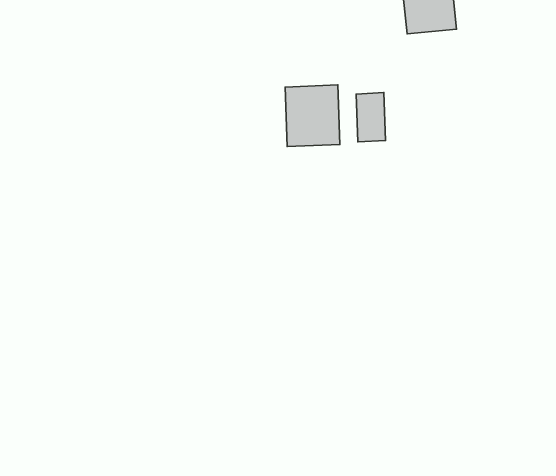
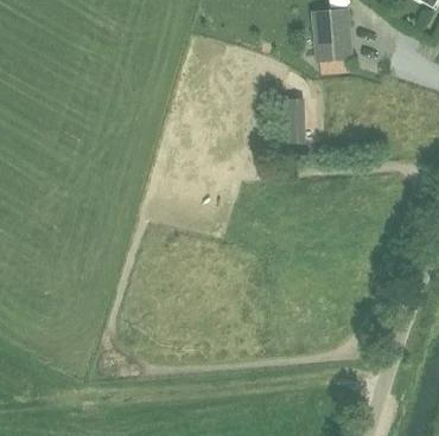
building: [285,85,340,147] -> none

